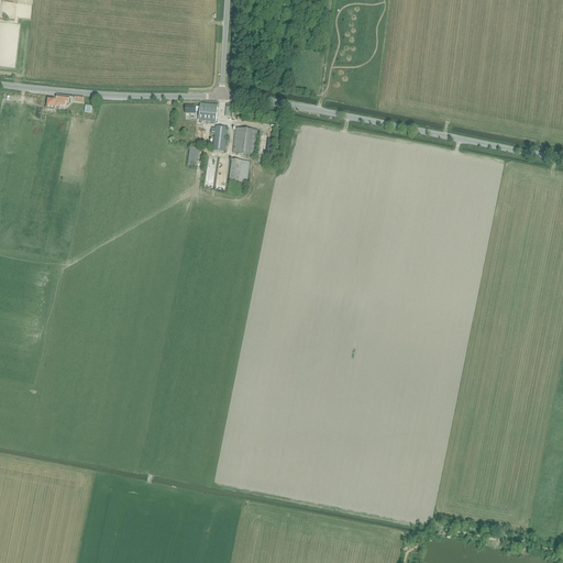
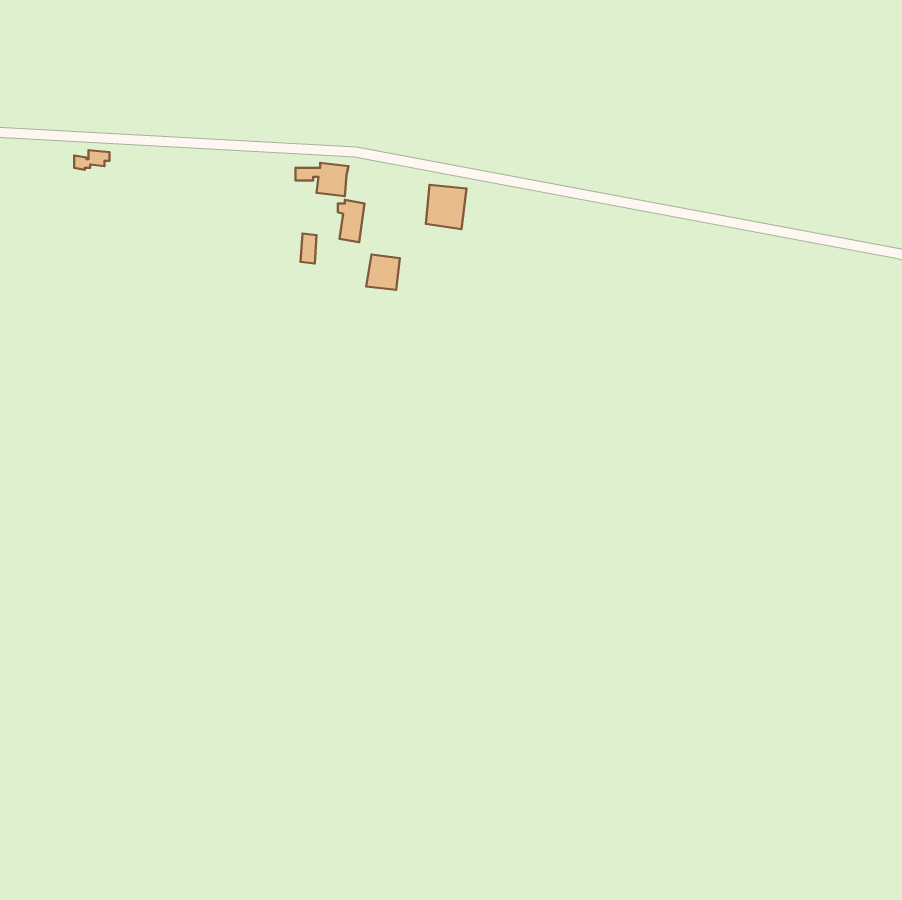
building: [232,126,257,154] -> [426,185,467,229]

